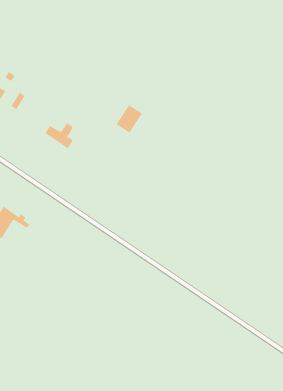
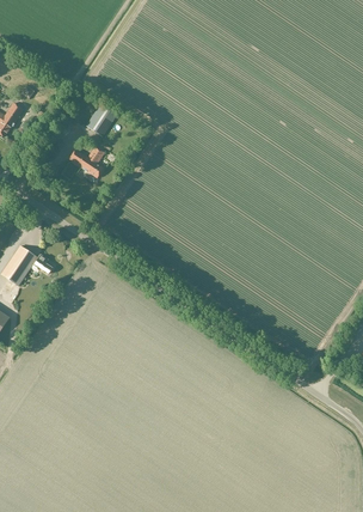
building: [116,104,143,133] -> [86,102,118,136]

